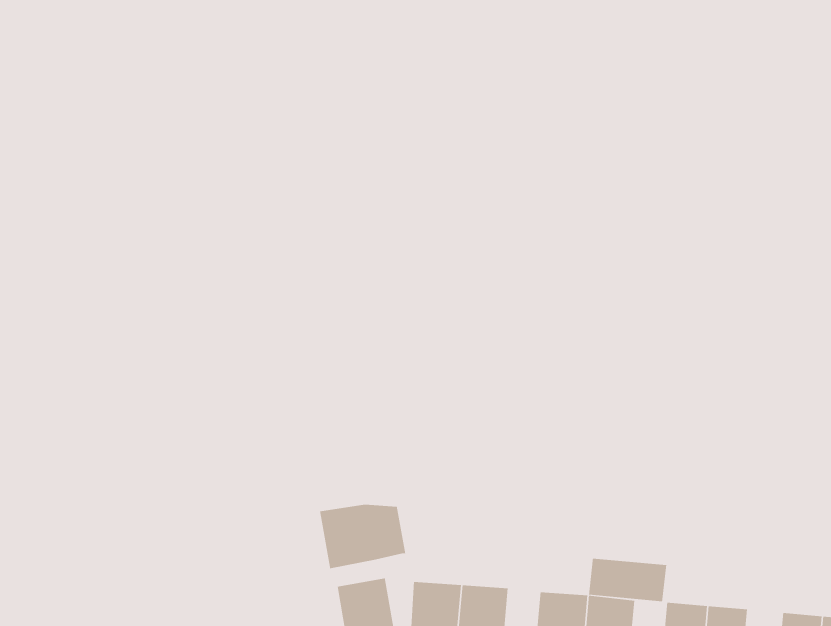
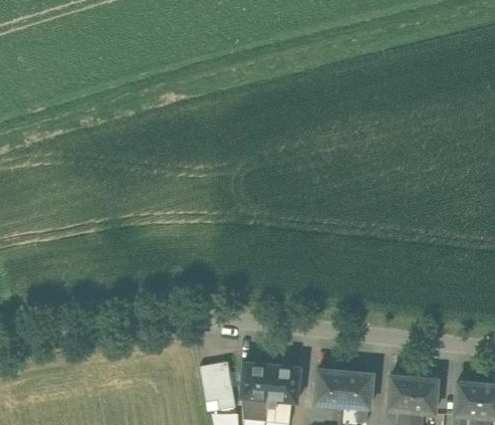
building: [320,504,406,569] -> none
building: [588,558,667,602] -> none

